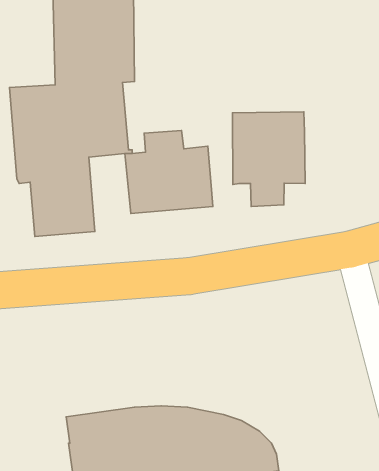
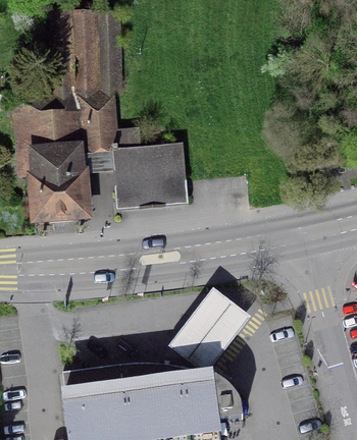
building: [232,112,305,206] -> none
building: none -> [170,286,251,372]

